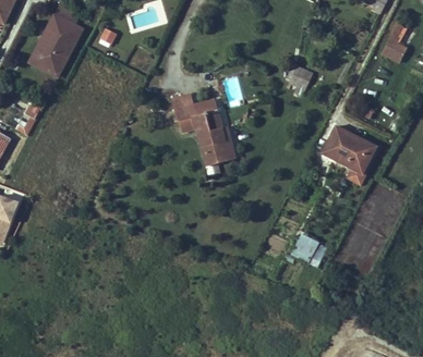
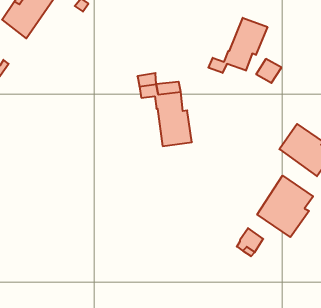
building: none -> [208,18,267,73]
building: none -> [257,176,313,237]

